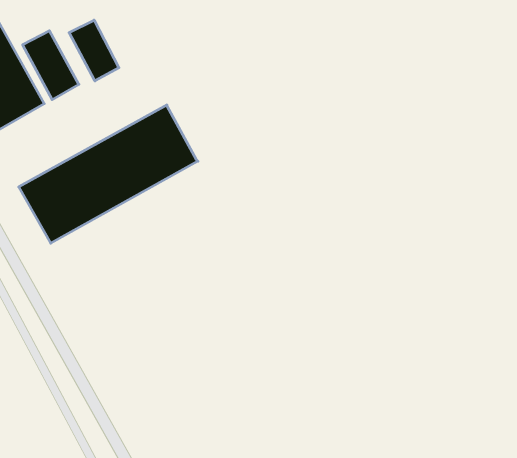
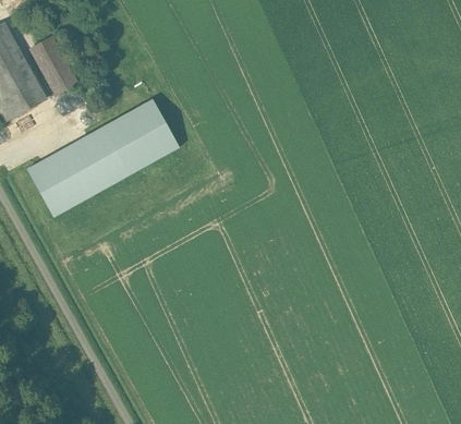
building: [69,20,119,81] -> none

